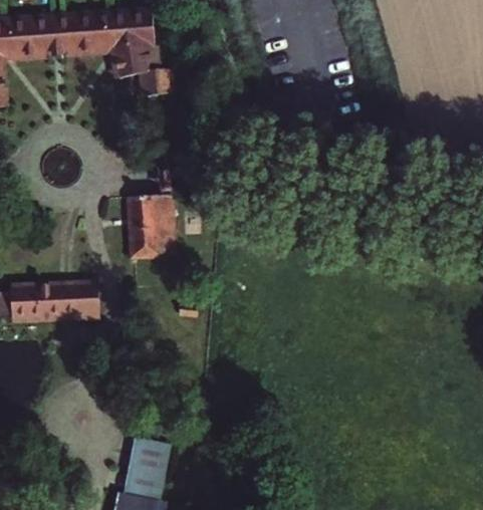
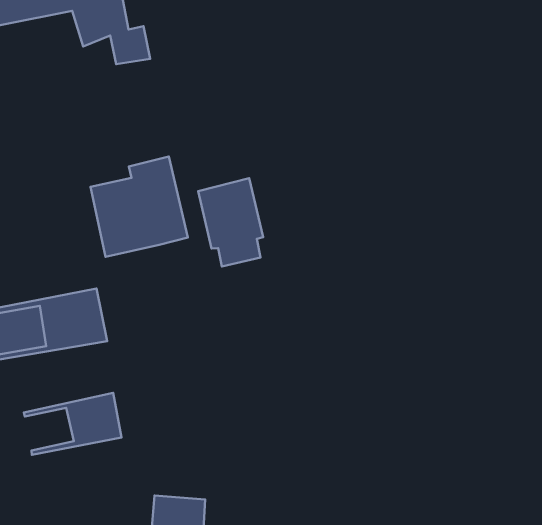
building: none -> [198,178,263,267]
building: none -> [24,393,122,455]

